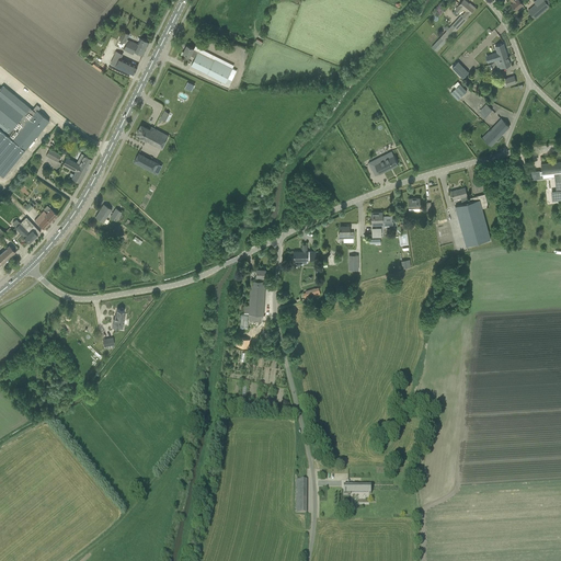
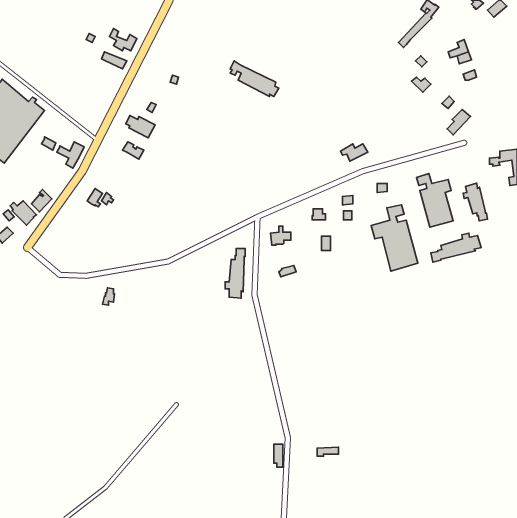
building: [182,45,234,83] -> [230,61,279,96]
building: none -> [463,183,488,221]
building: none -> [371,205,418,271]
building: none -> [431,233,481,262]

